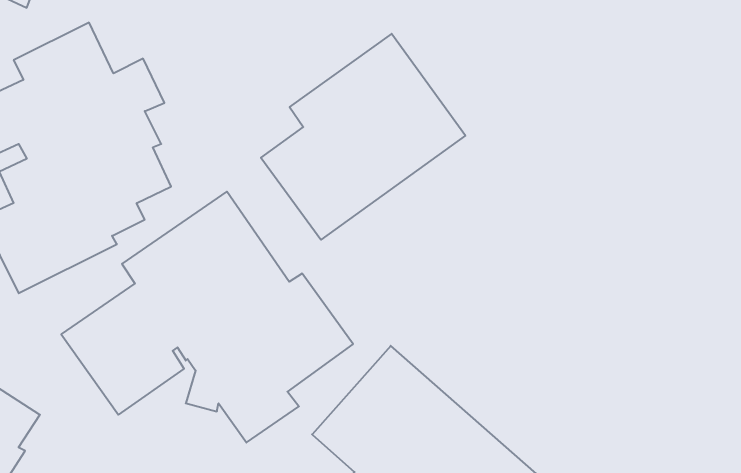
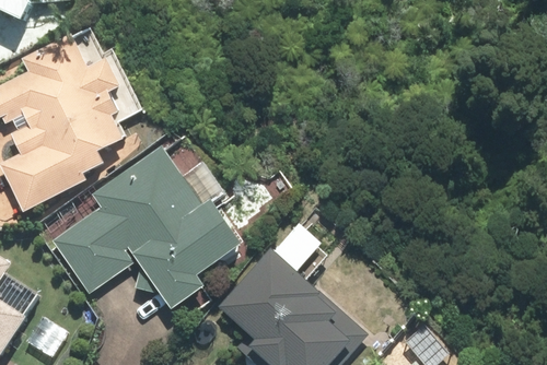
building: [261,34,465,240] -> none

